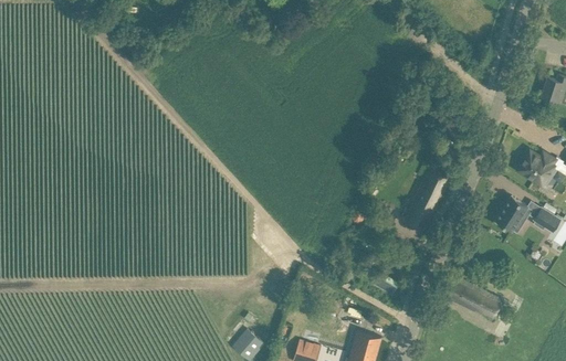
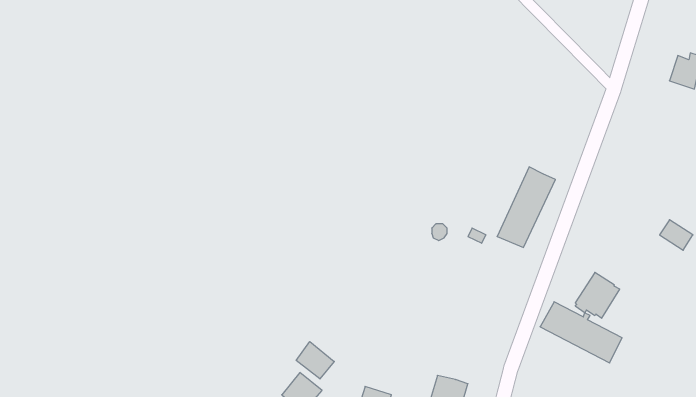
building: [518,152,557,187] -> none
building: [496,198,532,234] -> [575,272,620,318]
building: none -> [296,342,334,379]

